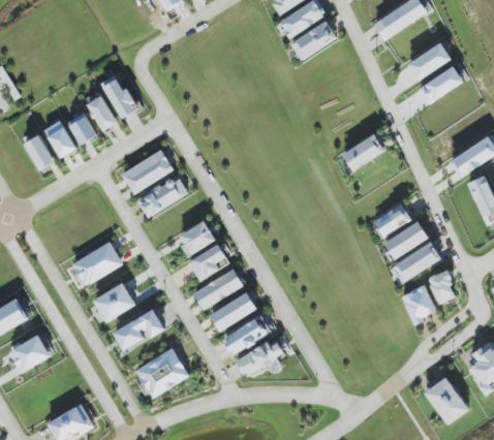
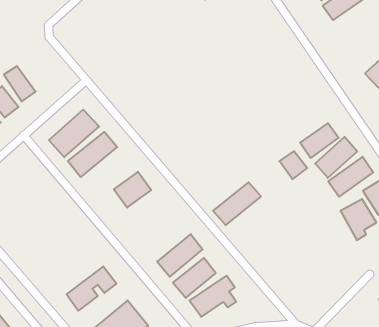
building: [100,75,137,119] -> none
building: [342,134,384,171] -> none
building: none -> [279,151,307,179]
building: [71,243,122,285] -> none
building: [187,244,225,281] -> none
building: [192,270,243,309] -> [213,182,261,225]
building: [93,283,135,322] -> none

